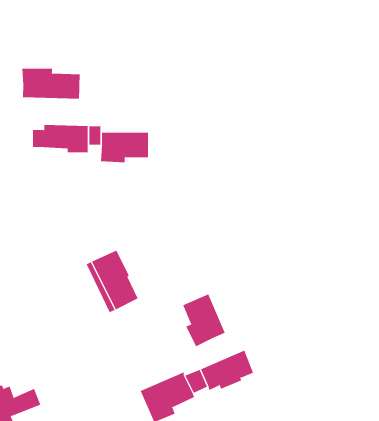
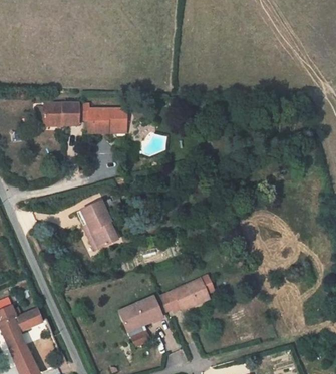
building: [22,68,80,99] -> none
building: [182,294,225,347] -> none

